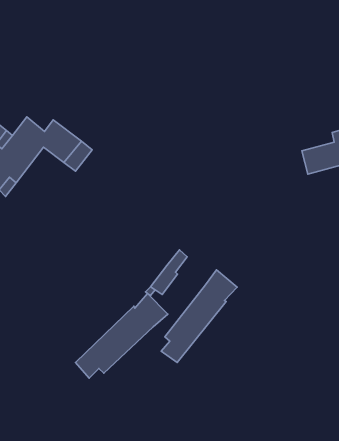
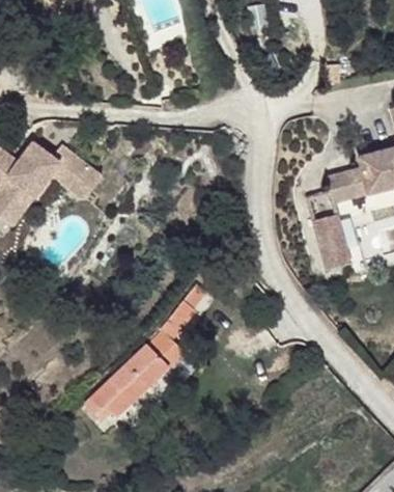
building: none -> [313,215,350,270]
building: [161,270,237,363] -> none

